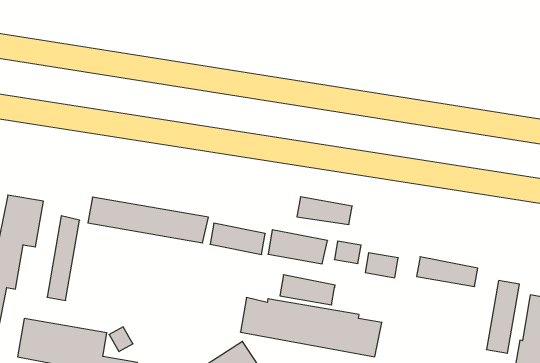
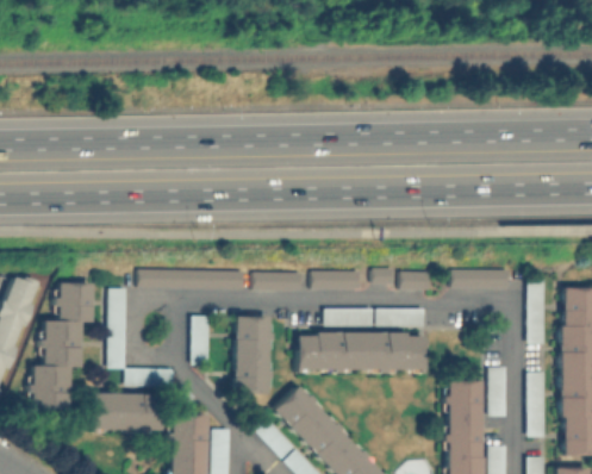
building: [297,197,352,224] -> [378,308,428,328]
building: none -> [192,317,212,368]
building: none -> [226,316,269,393]
building: none -> [123,369,173,386]

